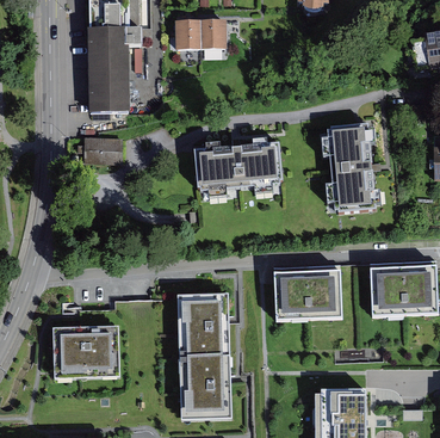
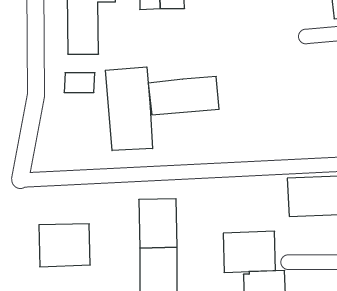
building: [327,123,374,209] -> none
building: none -> [105,67,153,151]
building: [273,269,340,321] -> [223,231,276,272]

